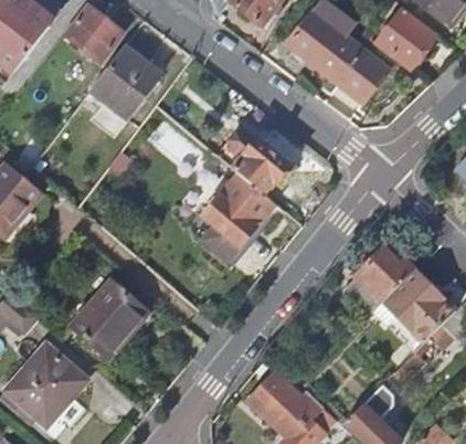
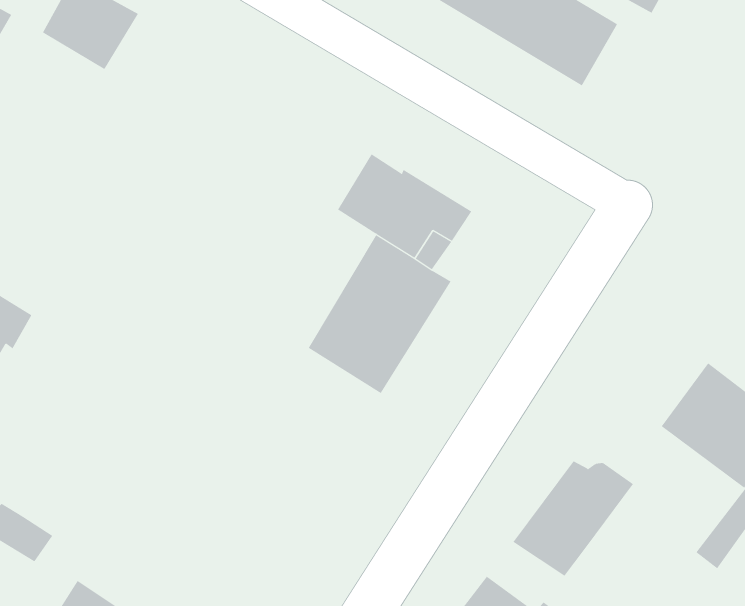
building: [89,44,160,116] -> none
building: [342,250,414,314] -> [513,461,634,577]
building: [70,278,146,355] -> none

